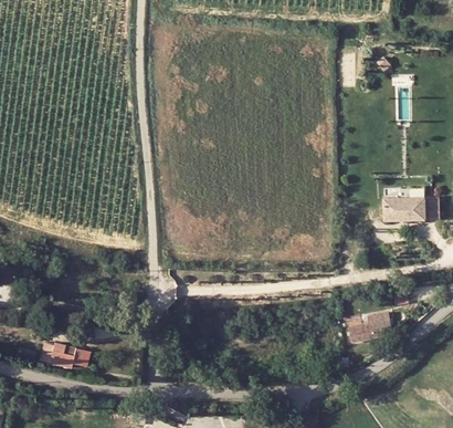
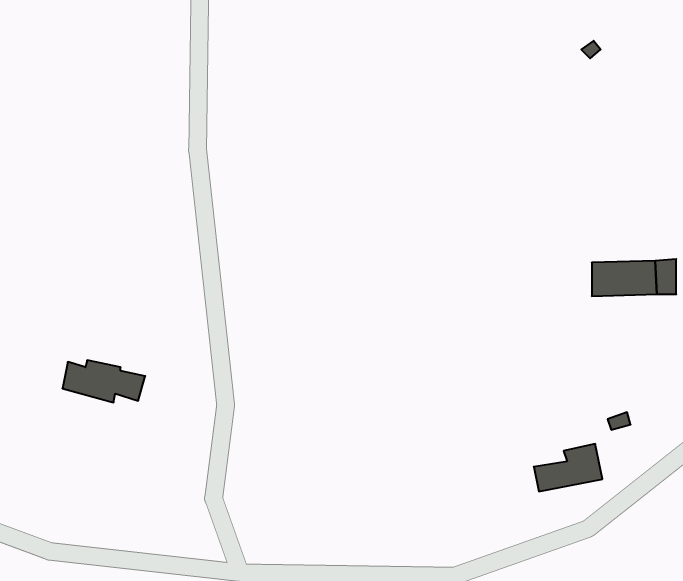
building: [39,341,91,367] -> [62,360,145,402]

